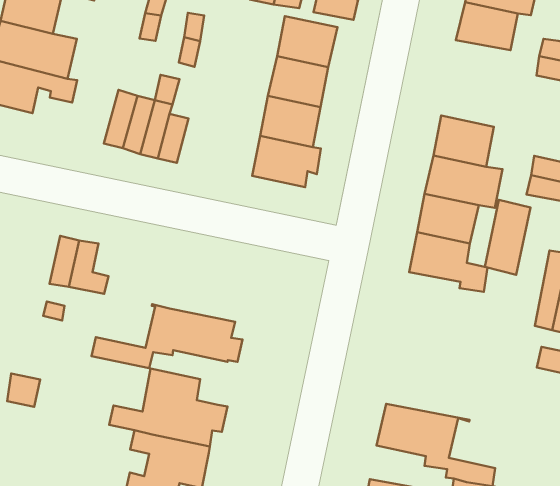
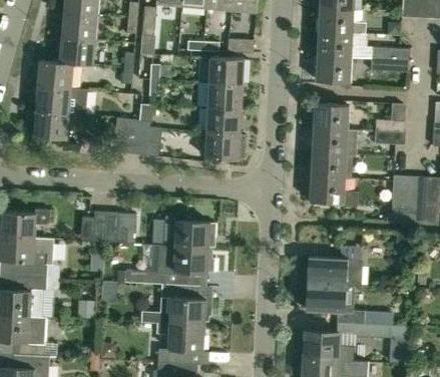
building: none -> [316,56,351,82]
building: [485,200,530,275] -> none
building: none -> [165,217,215,248]
building: none -> [308,257,361,286]

